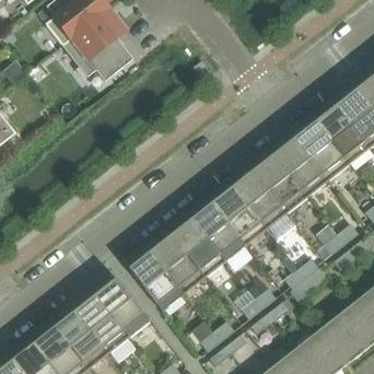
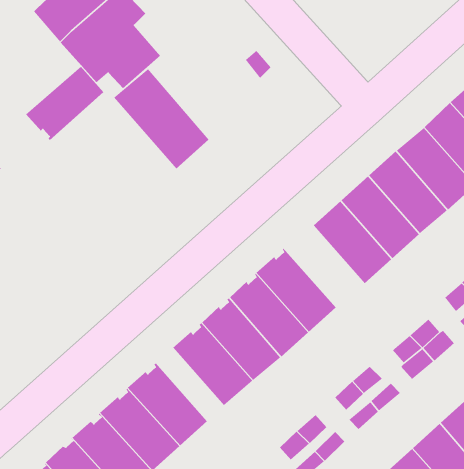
building: none -> [25,66,104,141]
building: none -> [113,68,209,169]
building: [211,186,267,245] -> none

